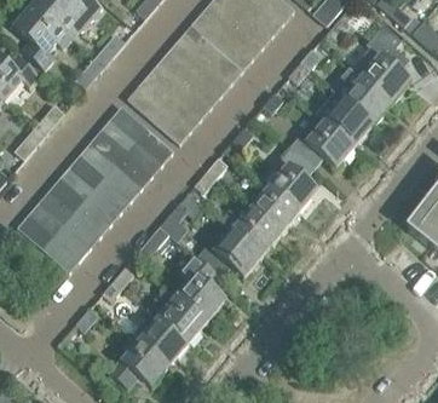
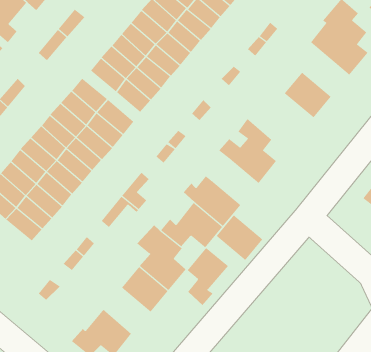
building: [339,67,393,123] -> none
building: [289,113,357,168] -> none
building: [253,186,301,234] -> [216,214,263,261]
building: none -> [187,247,229,306]
building: [143,317,191,364] -> none

